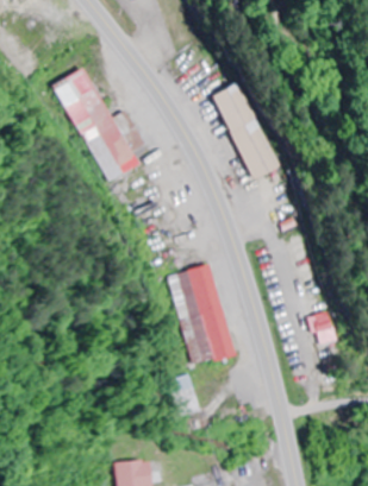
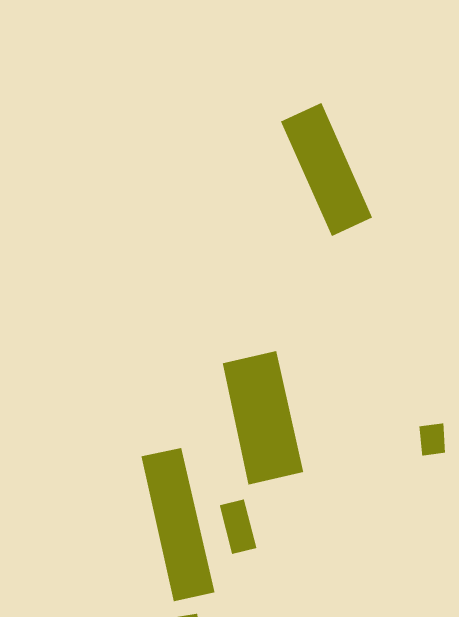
building: [52,68,141,181] -> none
building: none -> [140,447,216,602]

